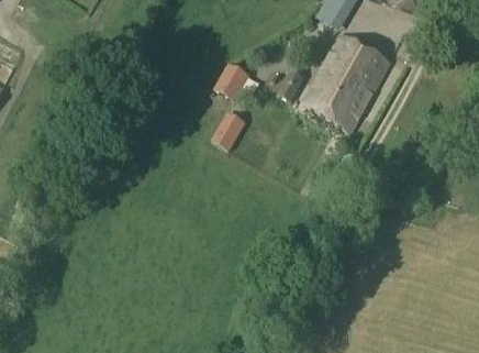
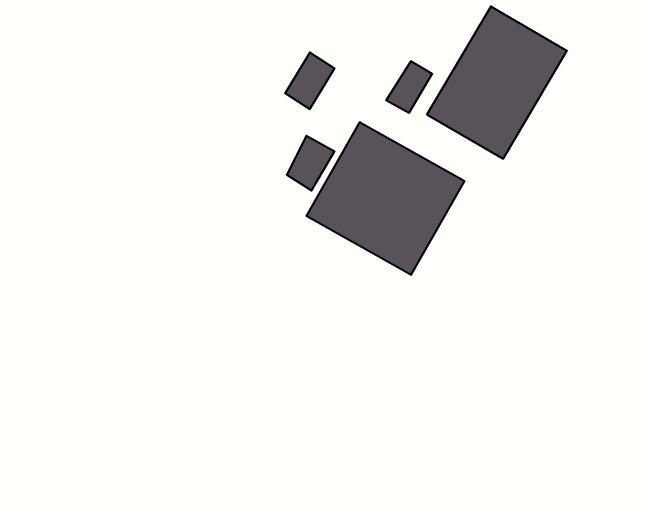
building: none -> [306,122,465,275]

